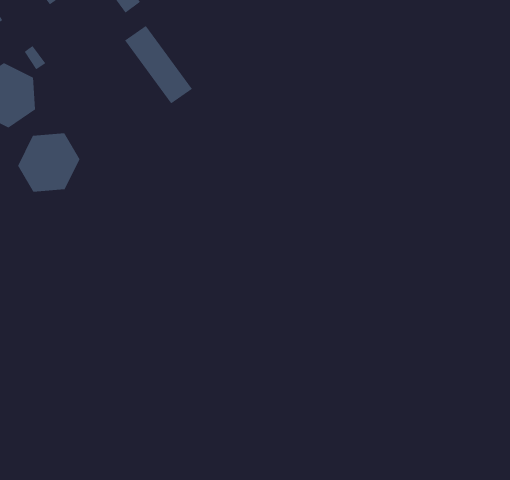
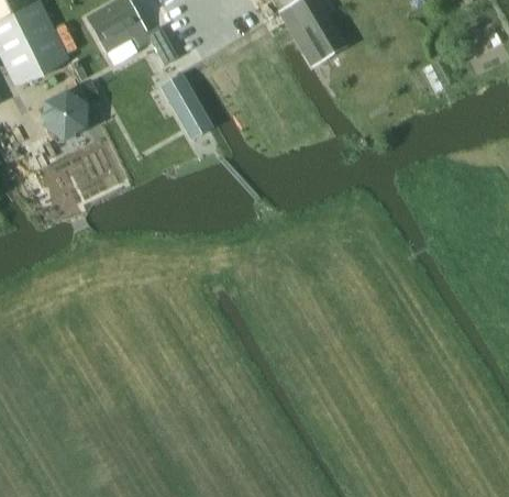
building: [17,133,80,192] -> none

